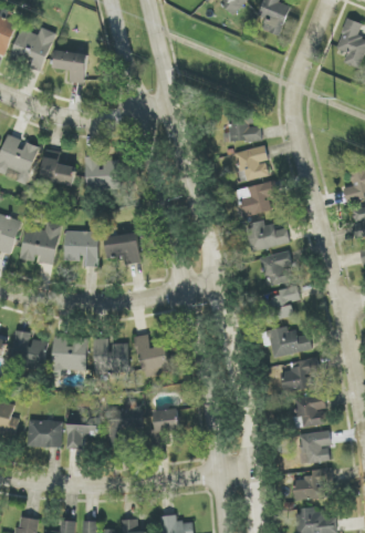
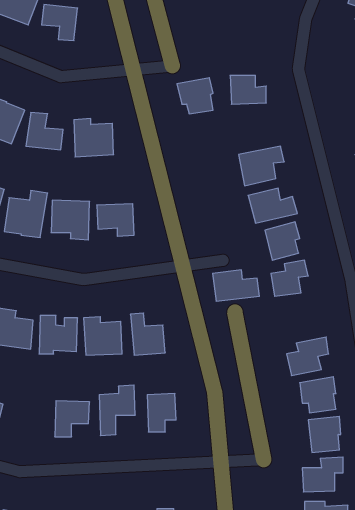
building: [234,146,268,180] -> [177,78,213,114]
building: [268,327,311,356] -> [213,270,259,301]
building: [27,420,62,448] -> none

